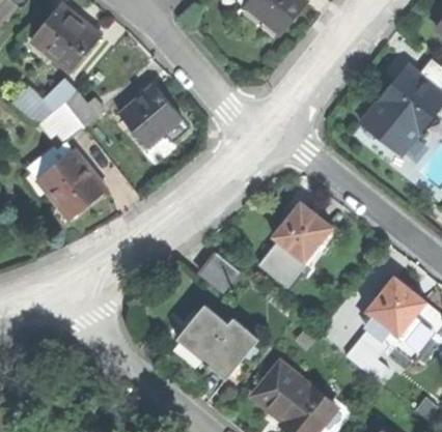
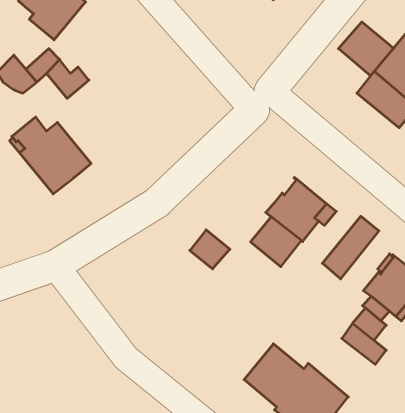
building: none -> [338,22,394,76]
building: [119,86,189,145] -> none
building: [39,104,82,142] -> none
building: none -> [322,216,379,279]
building: [176,305,258,378] -> none

